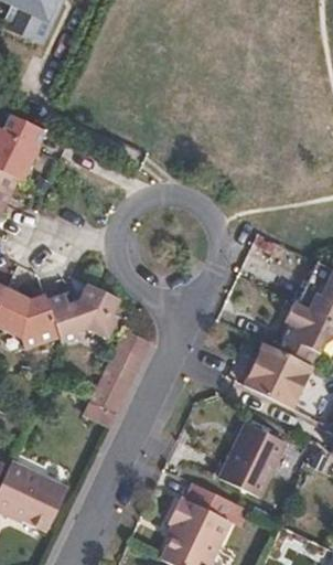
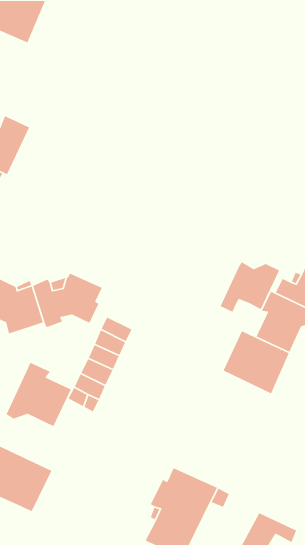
building: none -> [219,261,280,313]
building: none -> [5,362,72,427]
building: [221,422,288,497] -> none

